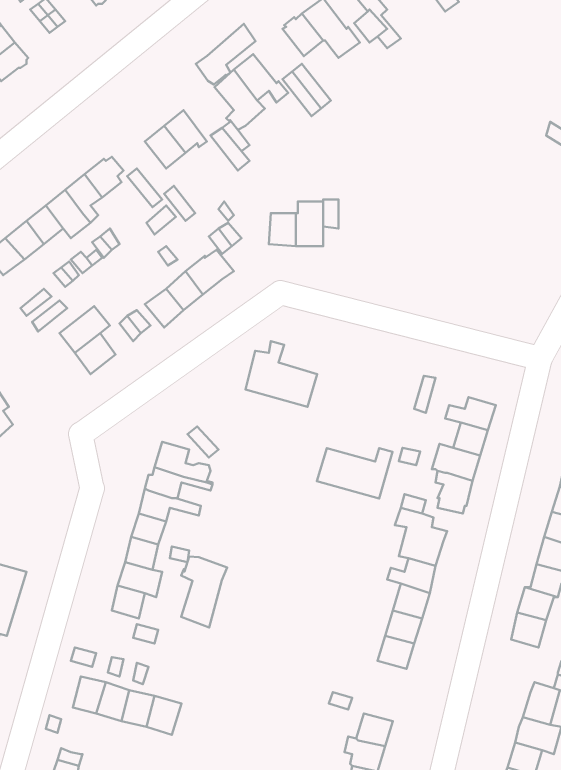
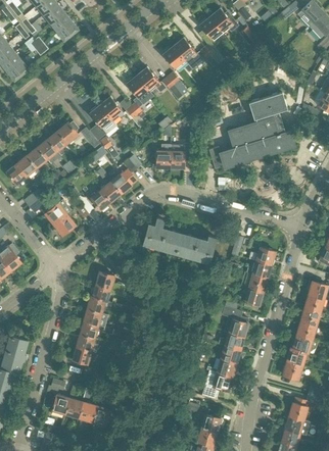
building: [196,24,256,85] -> none
building: none -> [208,92,294,169]
building: [317,448,393,498] -> [176,236,216,262]
building: [181,557,227,627] -> none

